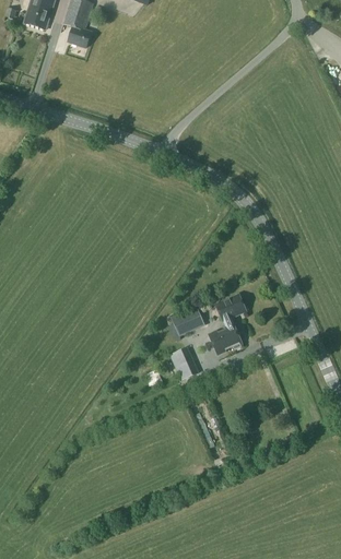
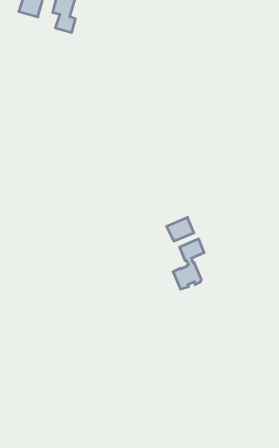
building: [172,306,204,334] -> [167,217,194,241]
building: [172,346,198,379] -> none

